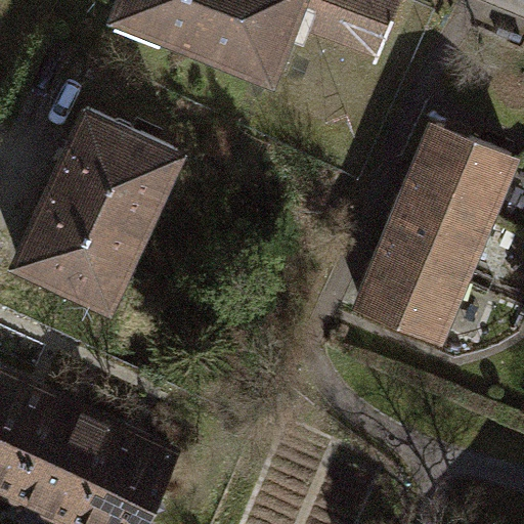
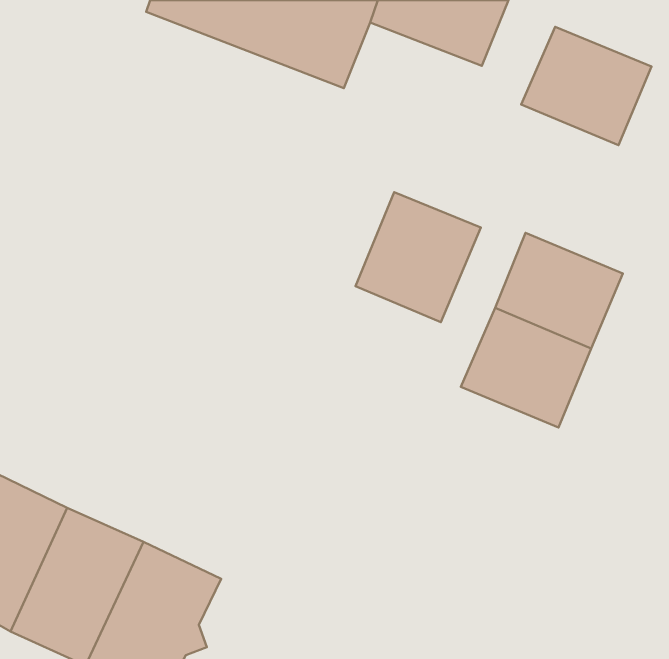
building: [15,116,176,307] -> none
building: [408,131,510,223] -> [521,27,651,145]
building: none -> [356,192,481,322]

